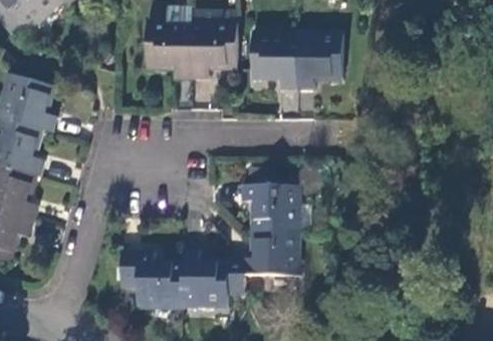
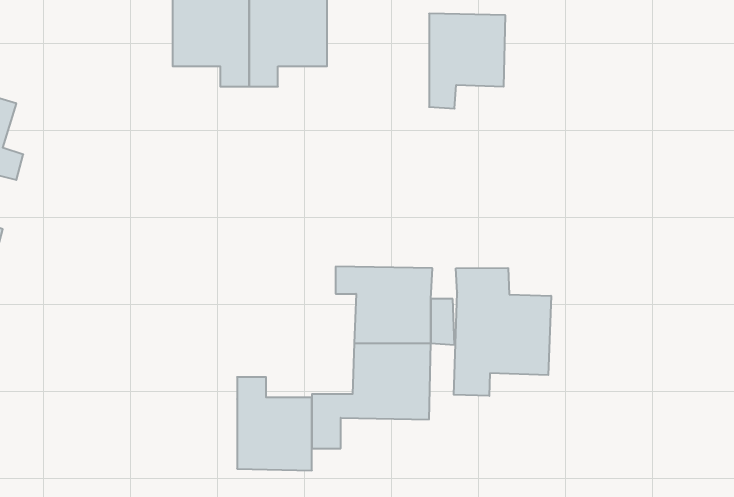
building: [251,35,297,90] -> none
building: none -> [454,268,551,396]
building: [122,252,184,306] -> none

